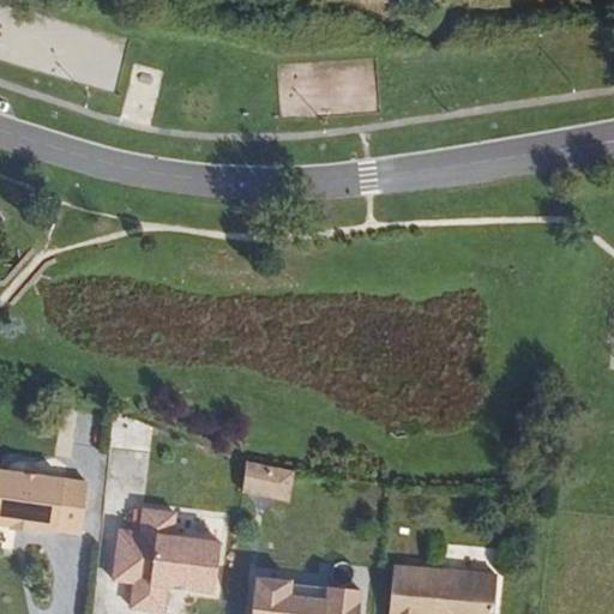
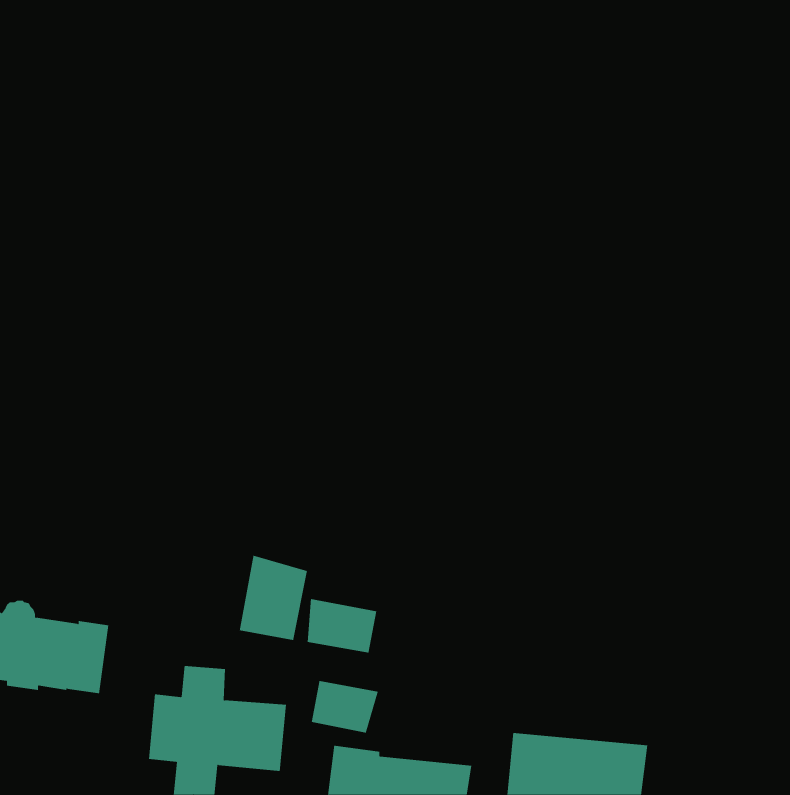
building: none -> [239,555,307,641]
building: none -> [311,680,378,733]

